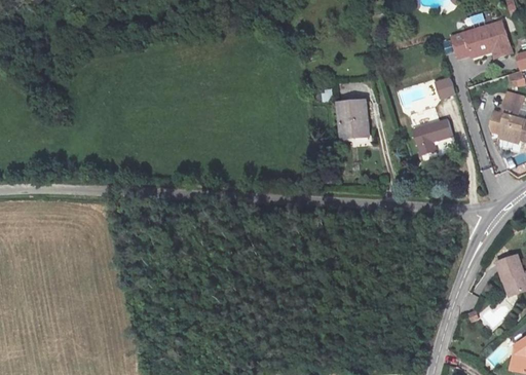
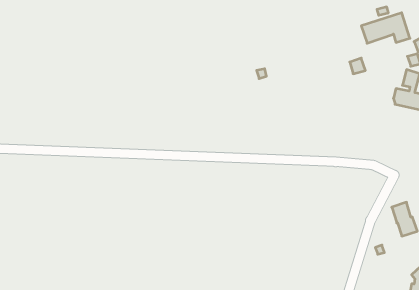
building: [339,100,369,136] -> none
building: [414,118,452,154] -> none

